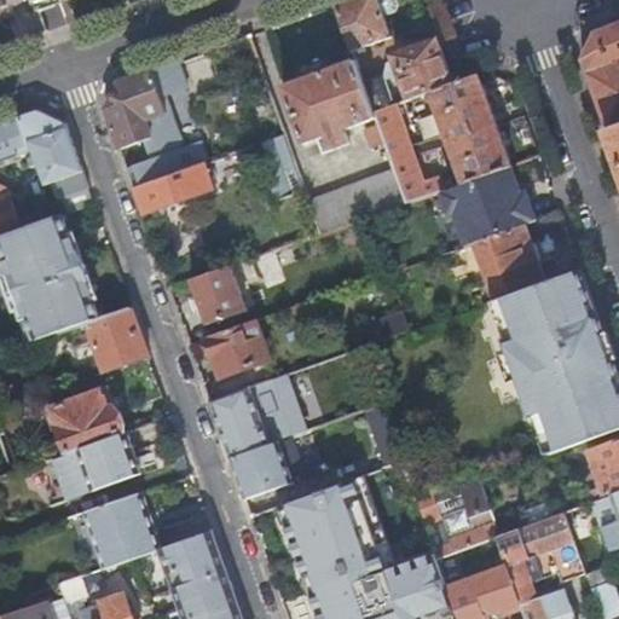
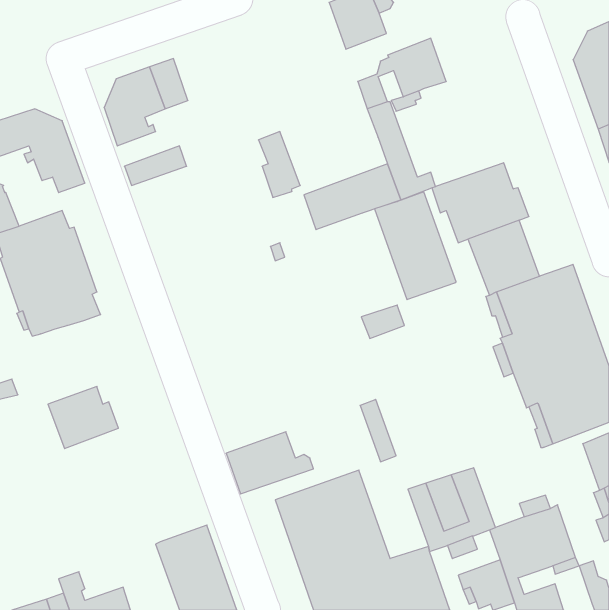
building: [283,59,382,151] -> none
building: [428,73,510,181] -> [375,192,456,300]
building: [133,162,215,214] -> none
building: [190,265,247,324] -> none
building: [64,308,146,371] -> none
building: [204,319,270,377] -> none
building: [209,374,306,458] -> none
building: [50,432,138,501] -> none
building: [85,491,162,568] -> none

